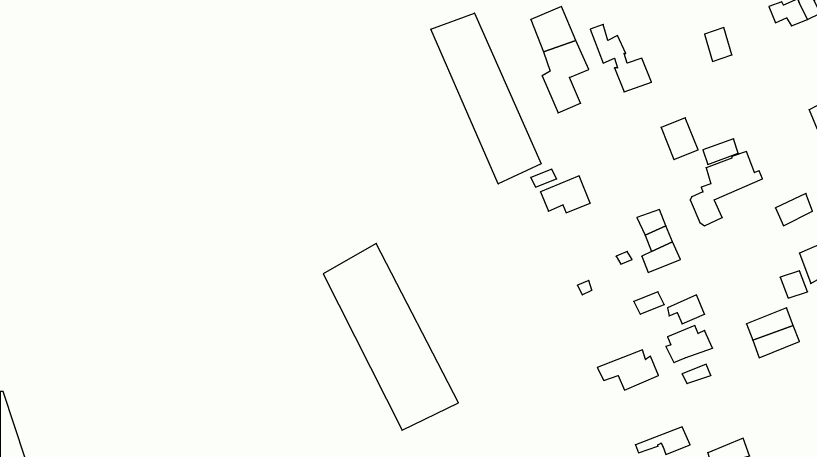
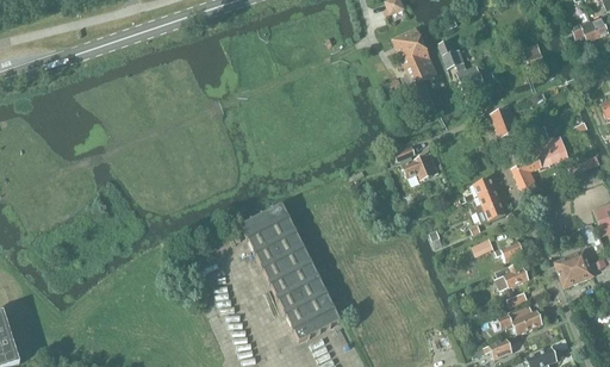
building: [431,13,541,184] -> none
building: [597,350,658,390] -> [497,304,542,334]

